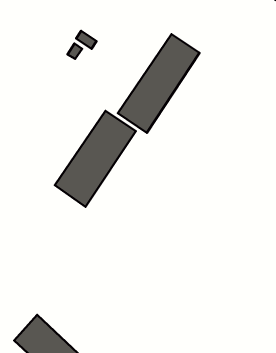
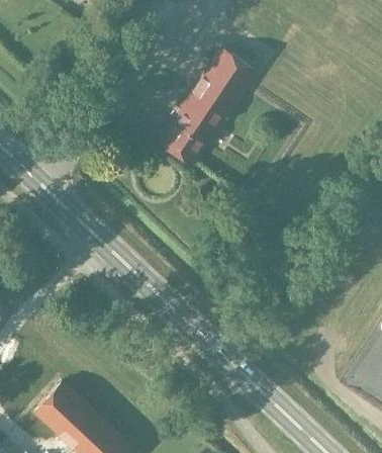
building: [55,111,136,207] -> none

